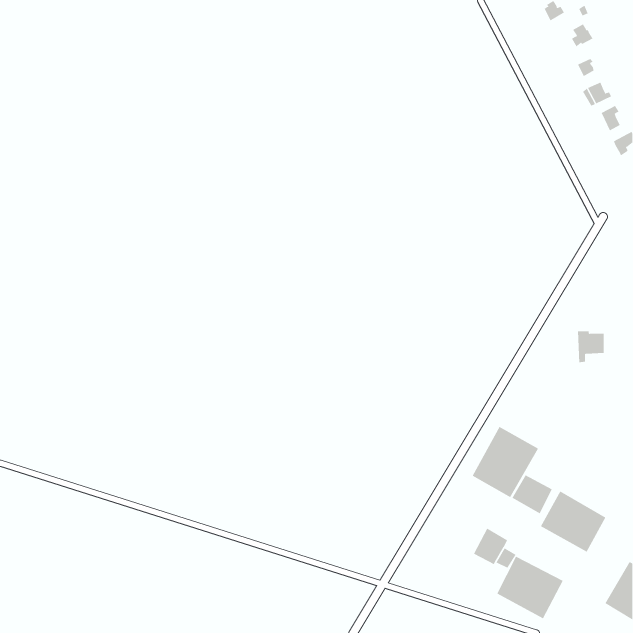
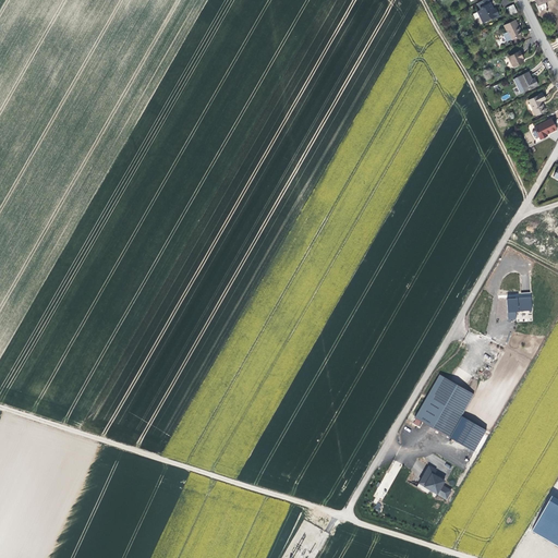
building: [540,491,606,552] -> none
building: [496,556,564,619] -> none

